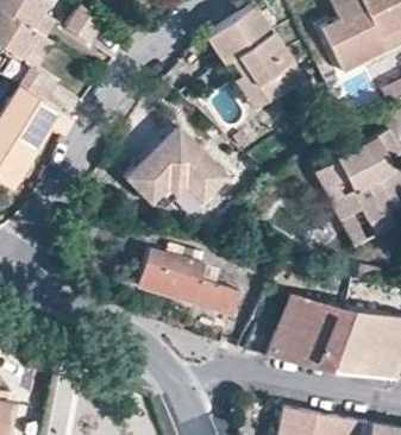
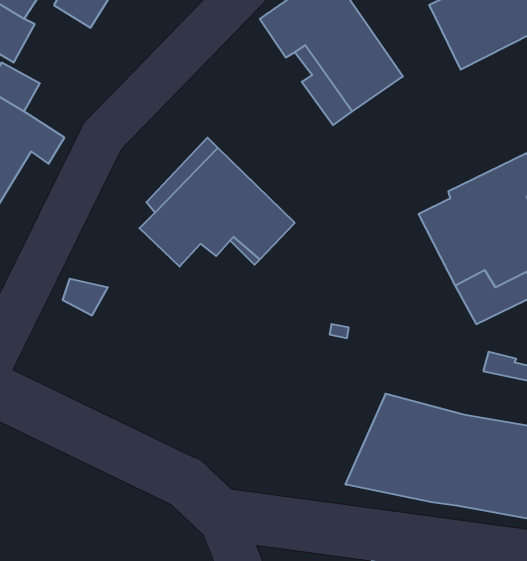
building: [137,245,238,315] -> none

